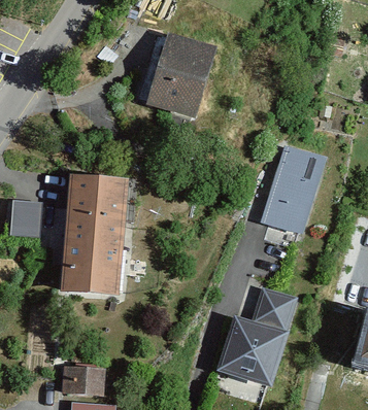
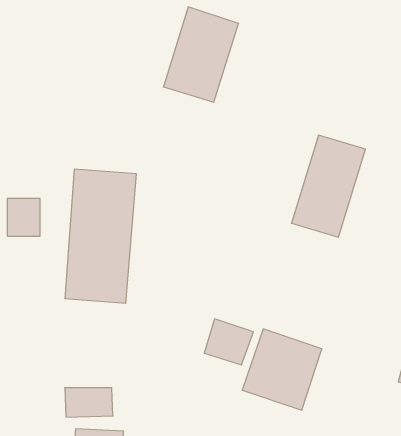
building: [254,286,297,327] -> [204,319,253,365]

